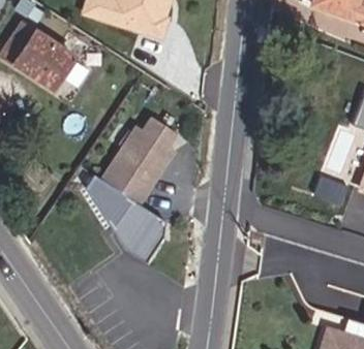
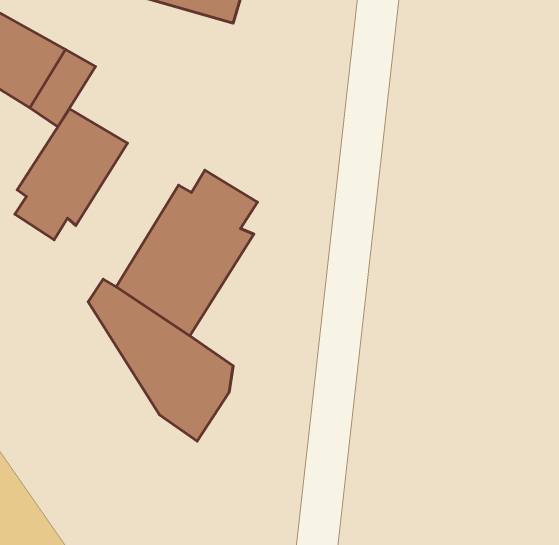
building: none -> [15,109,128,240]

